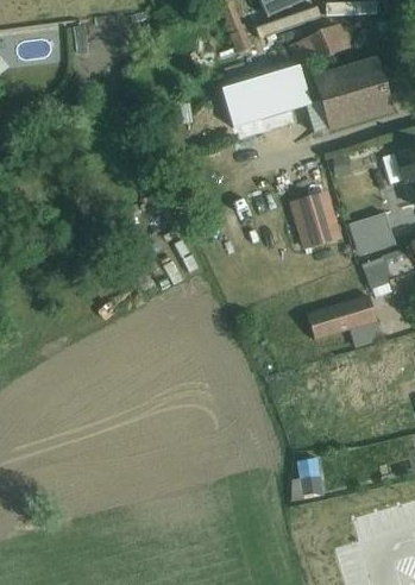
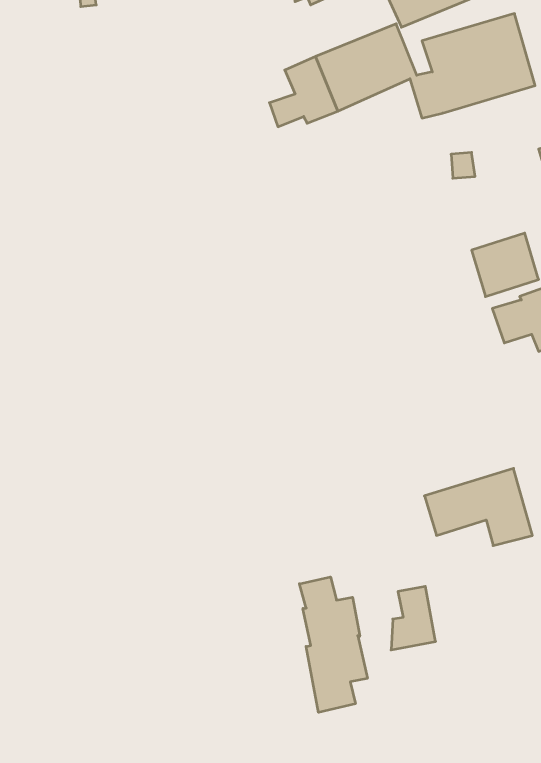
building: [290,189,341,247] -> none
building: [307,292,382,346] -> [424,468,532,546]
building: none -> [299,577,367,712]

